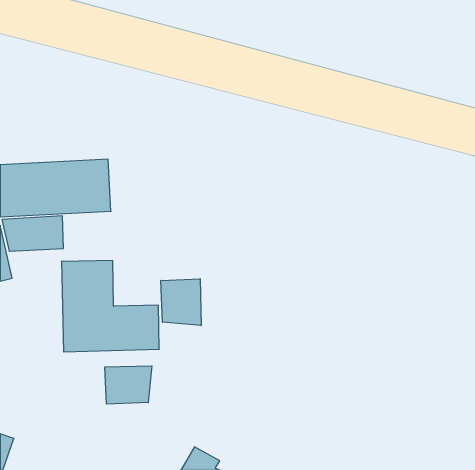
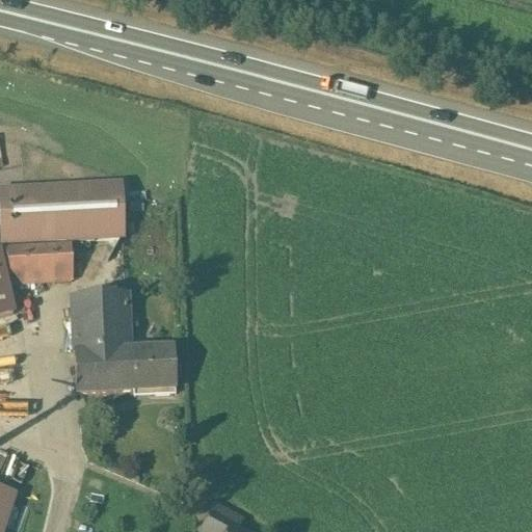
building: [161,279,201,326] -> none
building: [105,366,152,404] -> none

